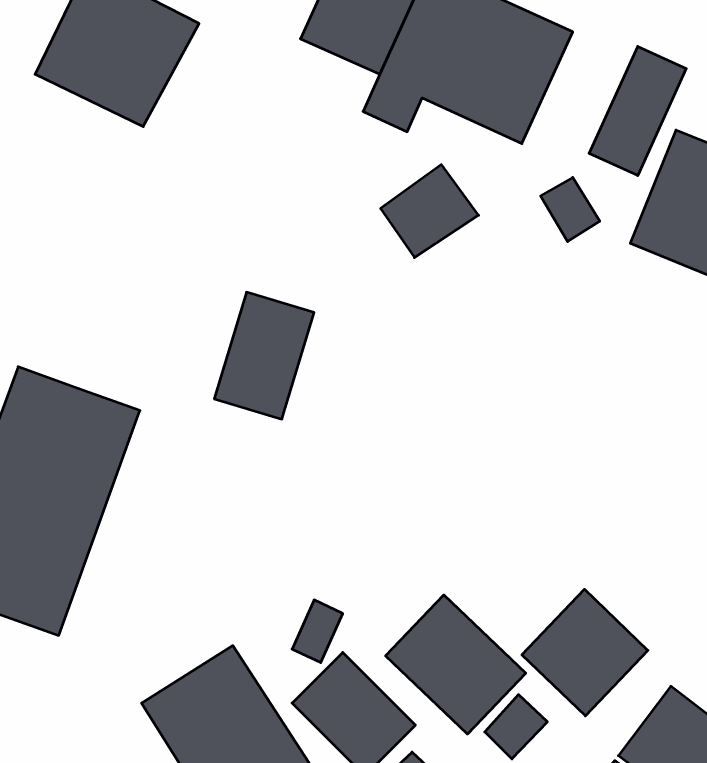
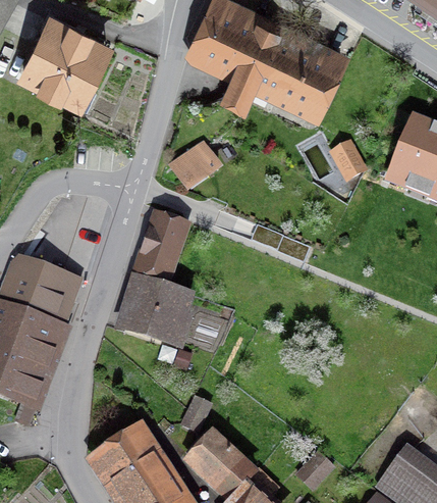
building: [589,46,686,176] -> none
building: [381,165,479,258] -> [167,138,226,194]
building: none -> [116,274,203,349]
building: [522,589,648,716] -> none
building: [386,595,526,734] -> none

